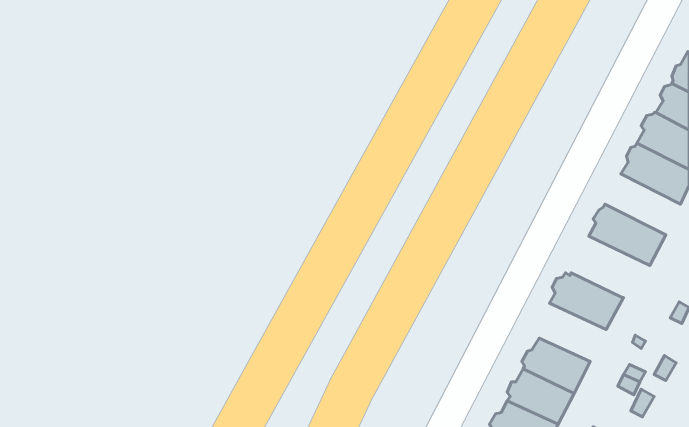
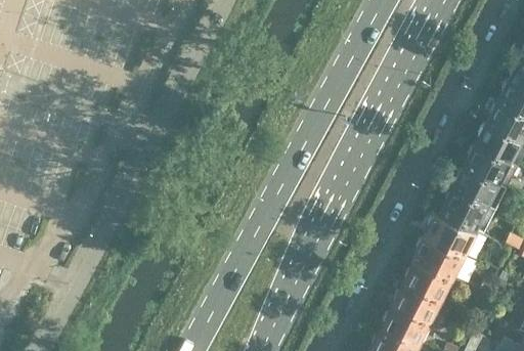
building: none -> [464,148,517,191]
building: none -> [440,192,495,235]
building: none -> [414,239,465,280]

